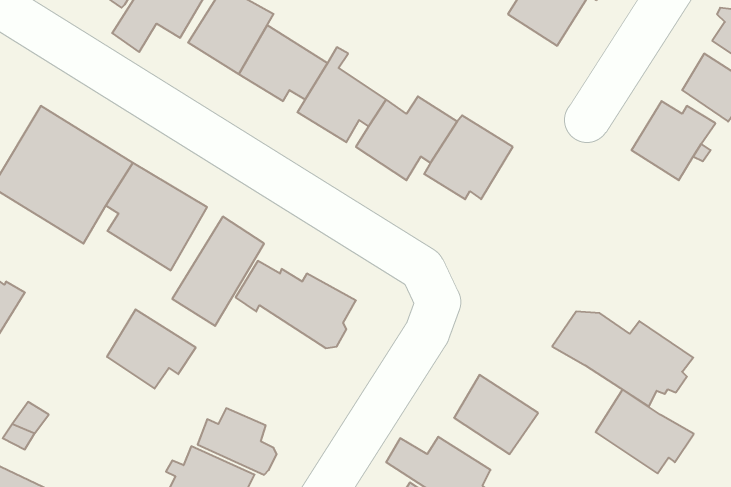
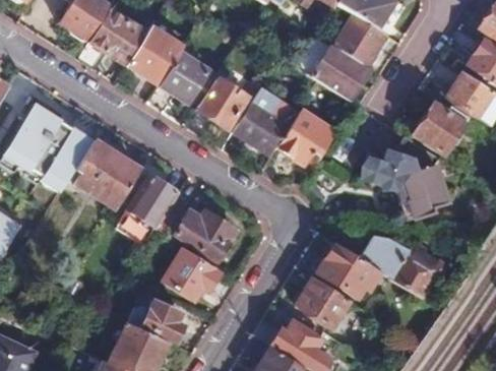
building: none -> [316,45,368,100]
building: none -> [364,139,458,223]
building: [107,309,196,389] -> [162,249,219,300]
building: [596,389,694,473] -> [320,243,383,297]

